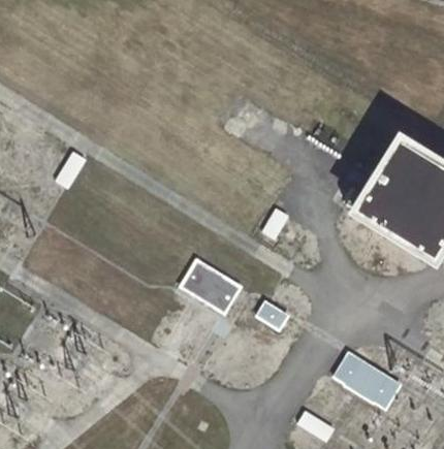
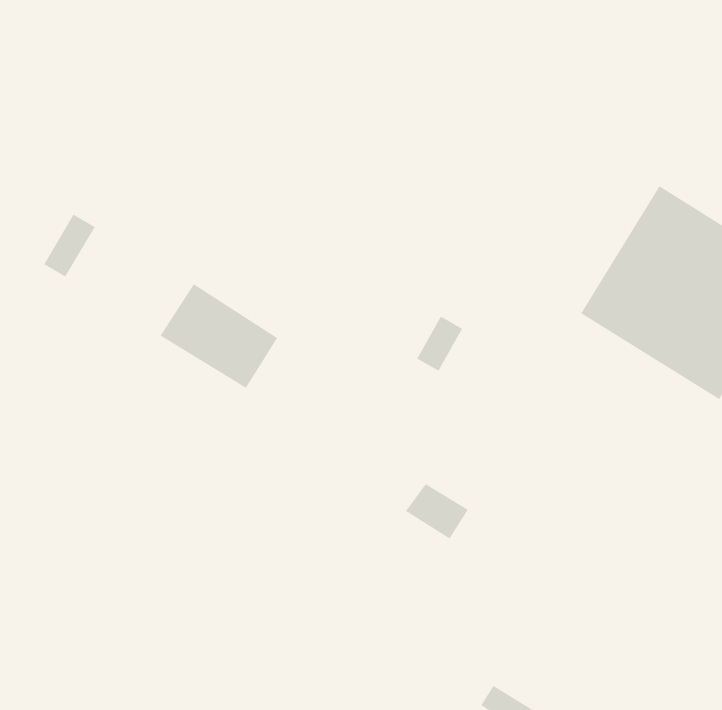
building: [180,257,245,315] -> [160,283,278,389]
building: [332,351,401,408] -> none

